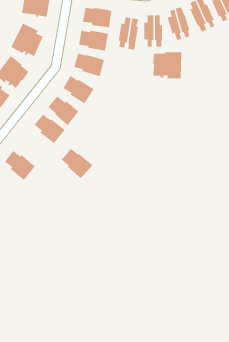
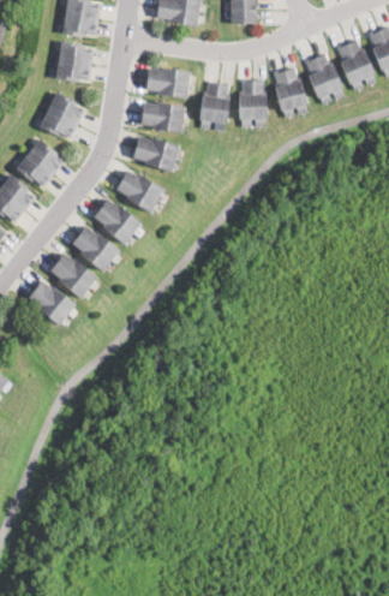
building: [153,52,182,79] -> none
building: [61,148,93,179] -> [50,254,98,299]

